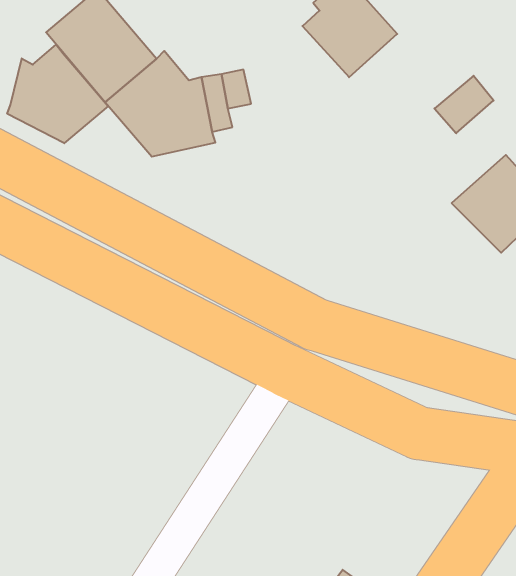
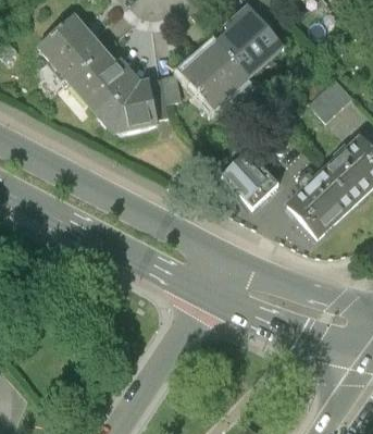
building: none -> [183,42,250,110]
building: [7,44,108,143] -> none
building: none -> [217,148,277,208]
building: none -> [284,166,357,236]

